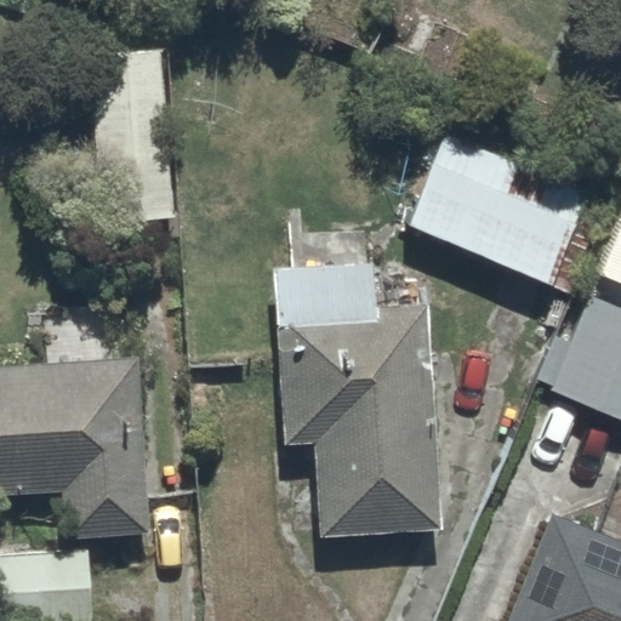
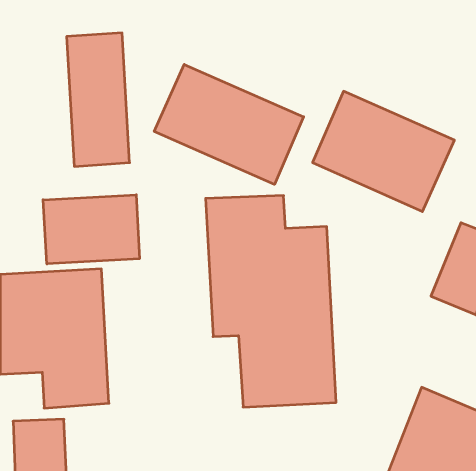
building: none -> [154,64,304,184]
building: none -> [43,195,139,264]

